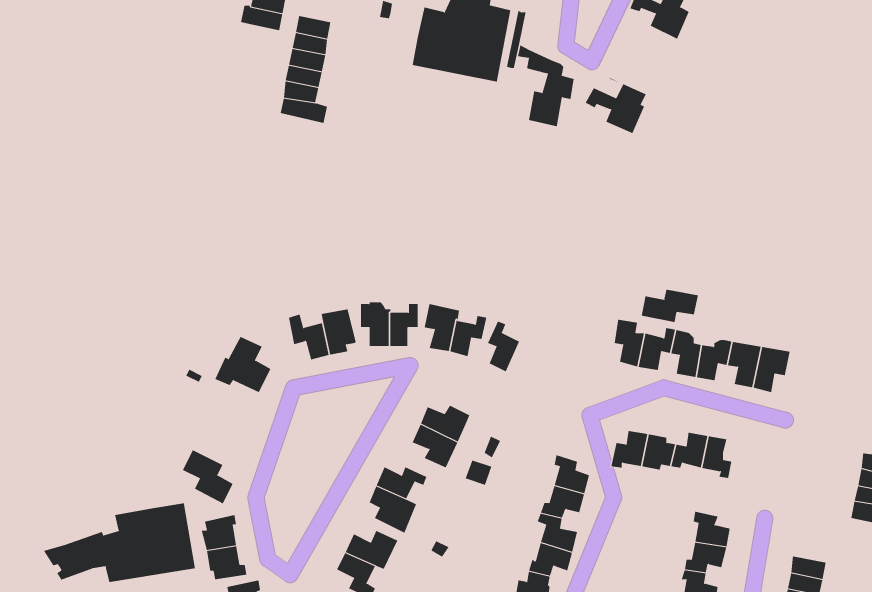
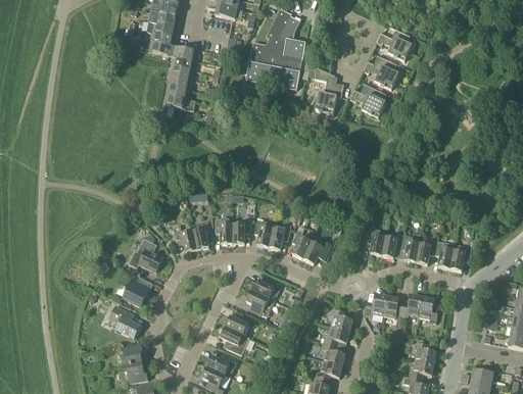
building: none -> [363,55,398,90]
building: [641,289,698,323] -> none
building: none -> [302,241,331,264]
building: none -> [123,281,147,306]
building: [43,503,195,583] -> none

